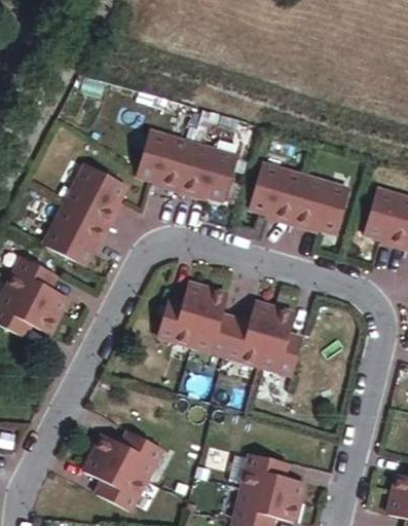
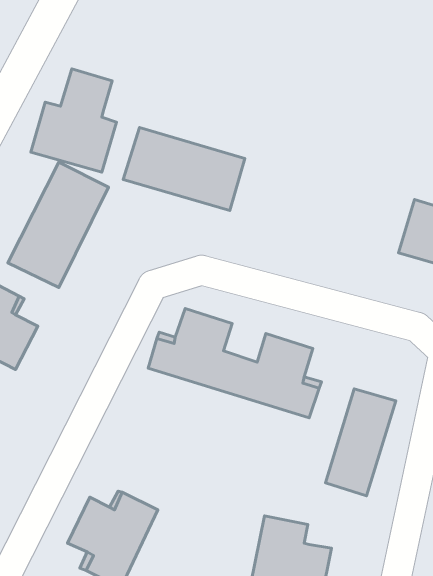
building: none -> [31,69,116,172]
building: [249,165,348,233] -> none
building: none -> [325,389,396,496]

